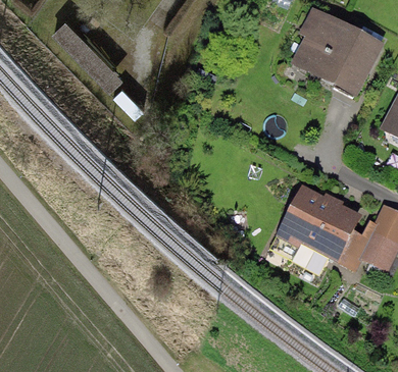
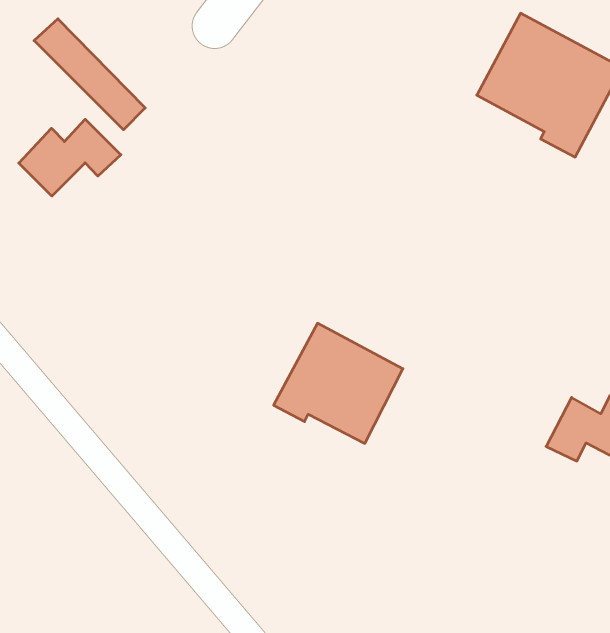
building: none -> [19,119,121,196]
building: [285,190,357,257] -> [274,323,403,443]

